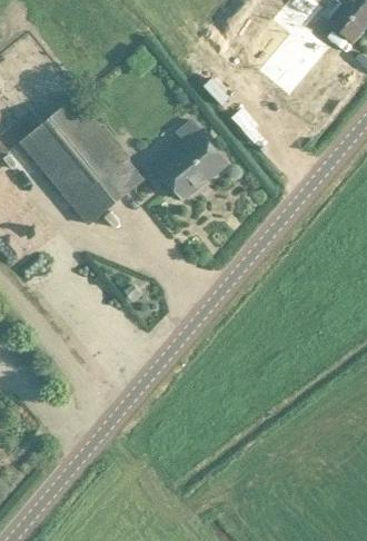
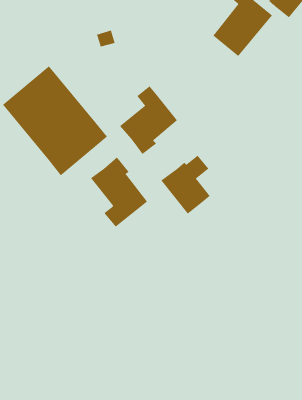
building: none -> [160,155,211,214]
building: none -> [90,156,148,228]

